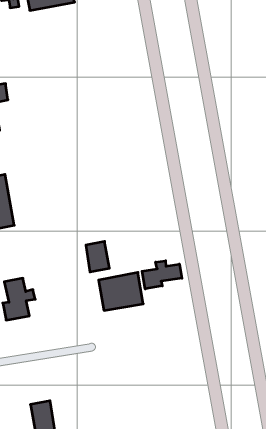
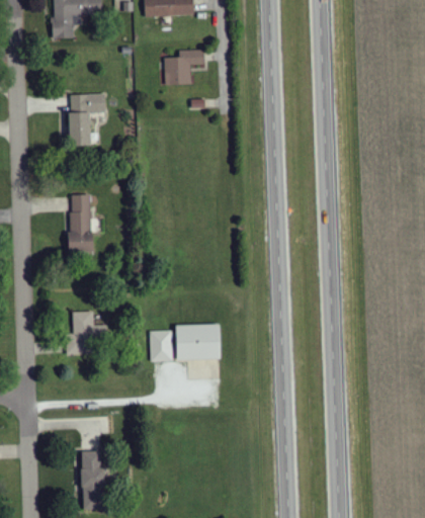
building: none -> [164,49,205,84]
building: [86,241,109,272] -> [150,330,172,361]
building: [142,261,182,289] -> none

